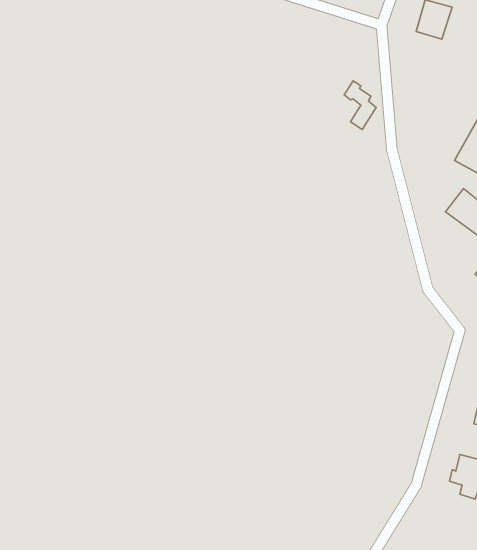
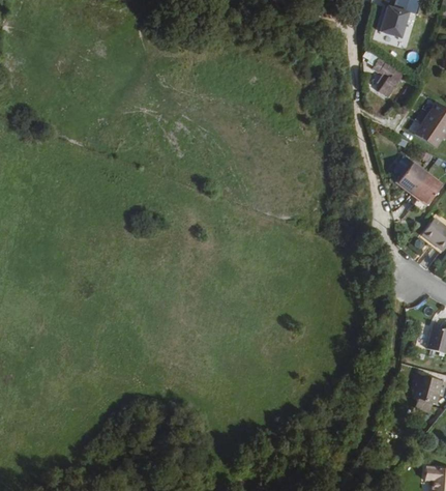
building: [344,81,376,129] -> [368,57,394,96]

